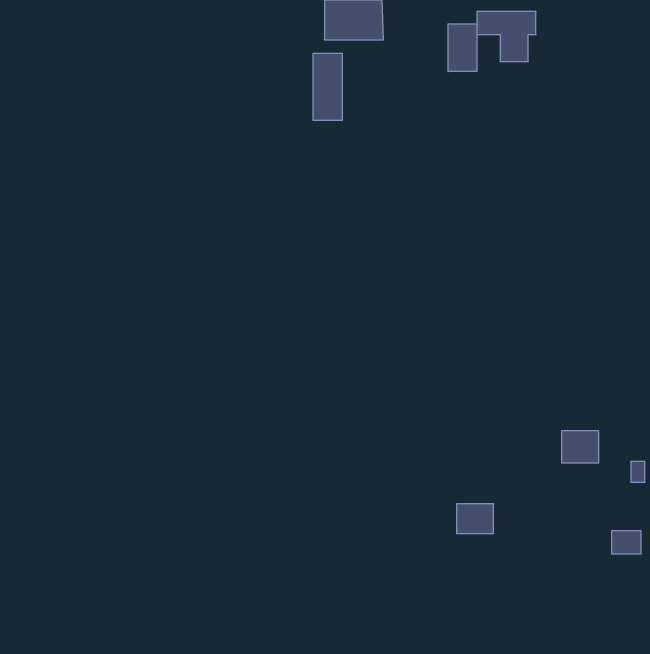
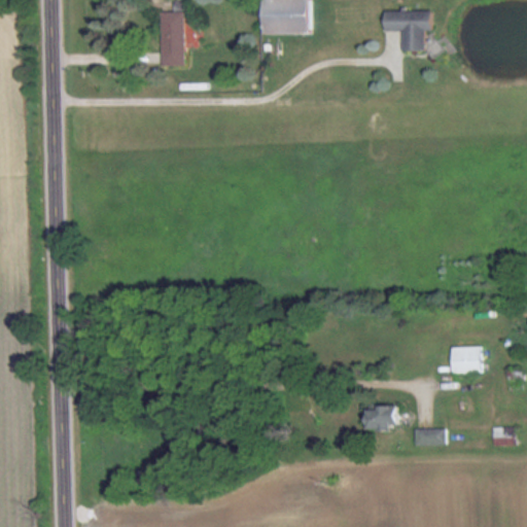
building: [448,24,477,72] -> none
building: [313,54,342,120] -> [160,11,183,65]
building: none -> [414,428,445,445]

